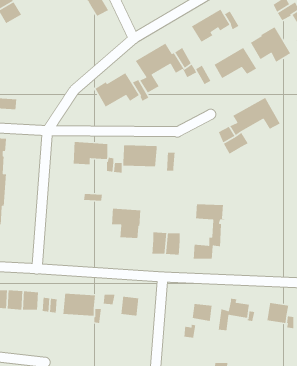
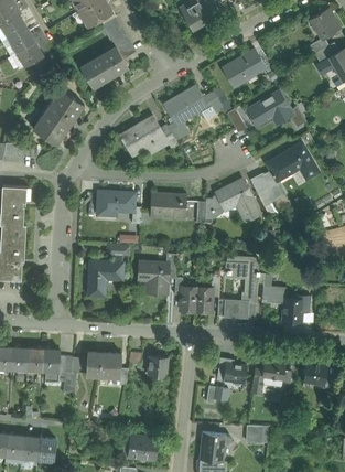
building: none -> [82,47,127,87]
building: [250,26,291,63] -> none
building: none -> [33,89,84,146]
building: none -> [213,179,260,222]
building: none -> [88,260,123,297]
building: none -> [254,275,311,322]

